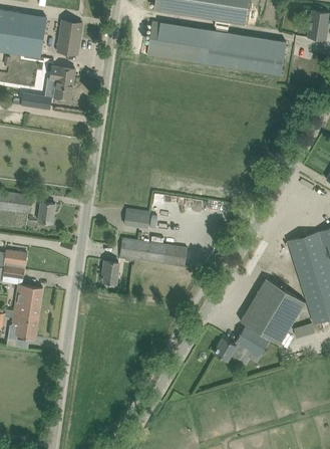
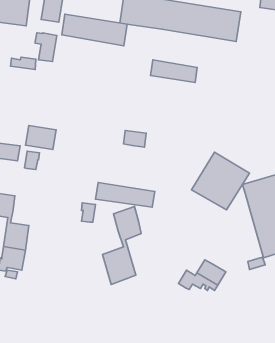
building: none -> [62,14,127,46]
building: none -> [150,60,197,82]
building: none -> [25,126,56,149]
building: [124,209,150,228] -> [124,131,146,147]
building: none -> [103,206,141,284]
building: [240,278,306,345] -> [192,152,249,210]

